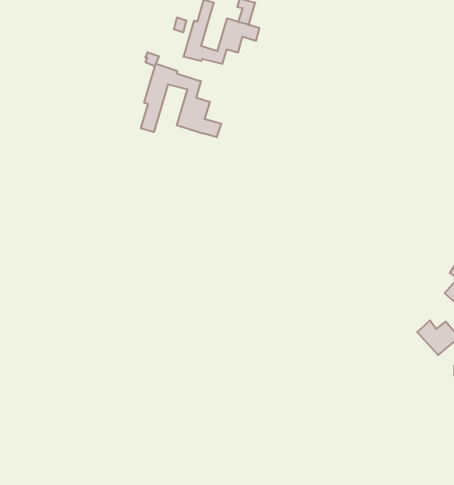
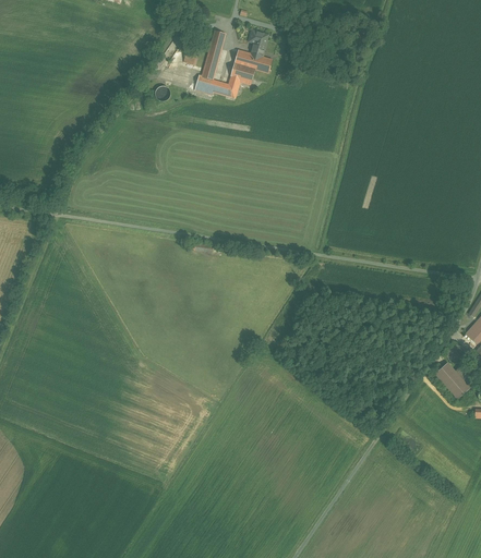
building: [141,63,221,137] -> none

